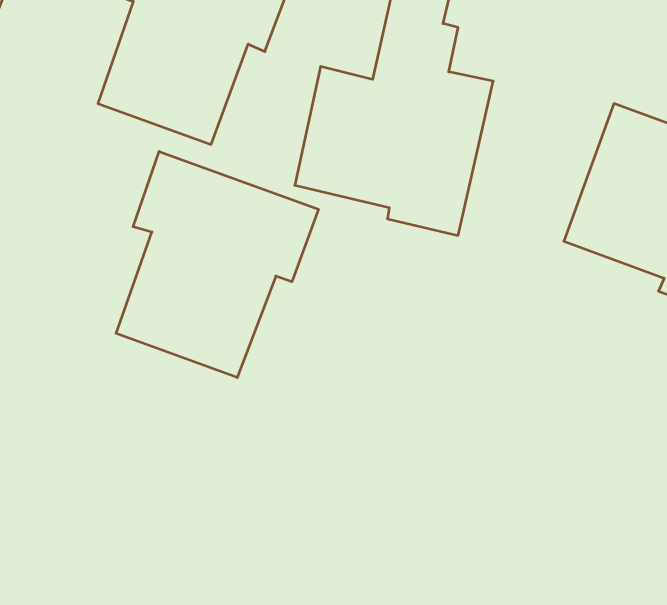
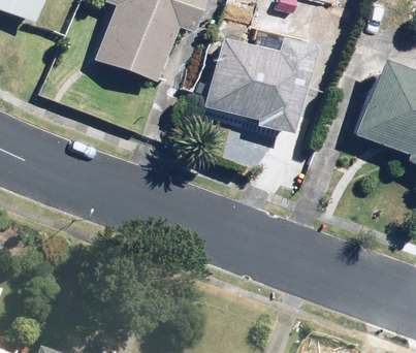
building: [116,151,318,378] -> none

